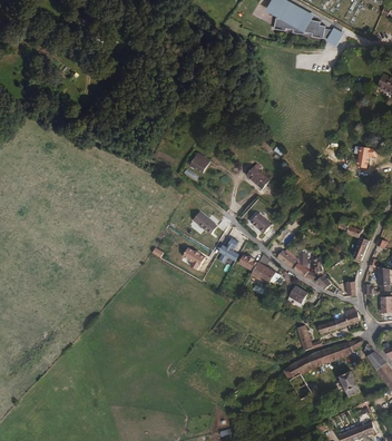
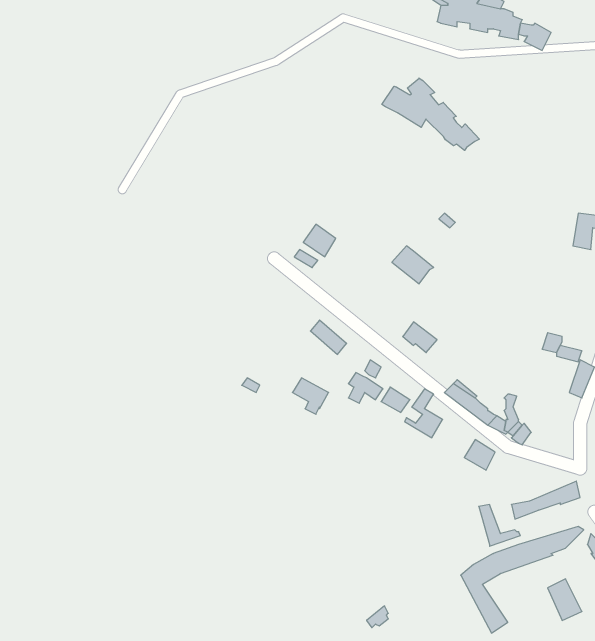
building: none -> [382,78,479,150]

